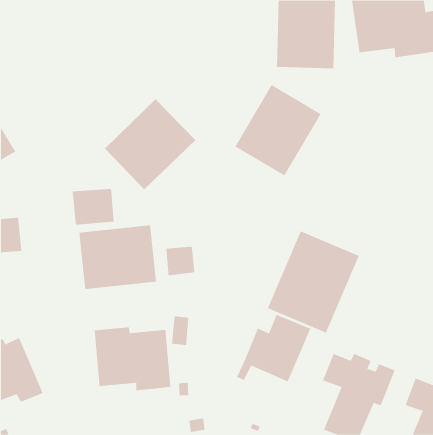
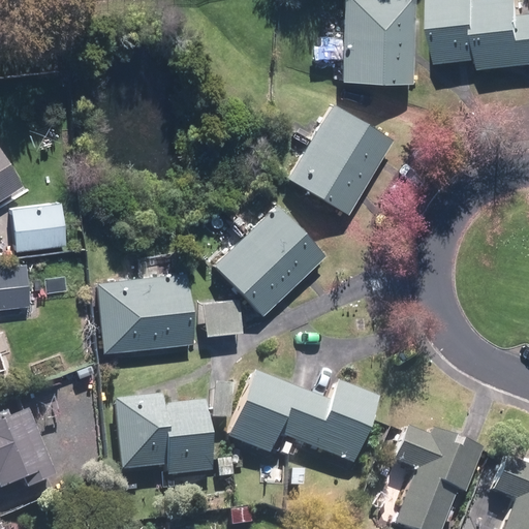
building: [104,98,196,190] -> [214,204,325,315]
building: [72,188,114,225] -> [12,205,64,249]
building: [267,231,360,333] -> none
building: none -> [230,373,315,454]

